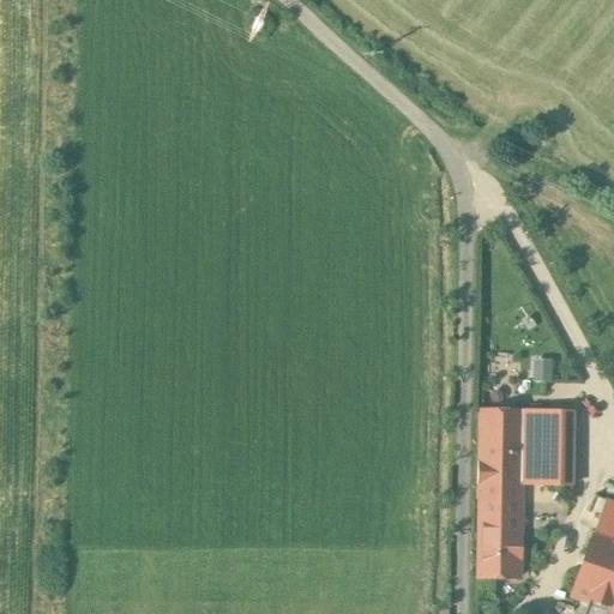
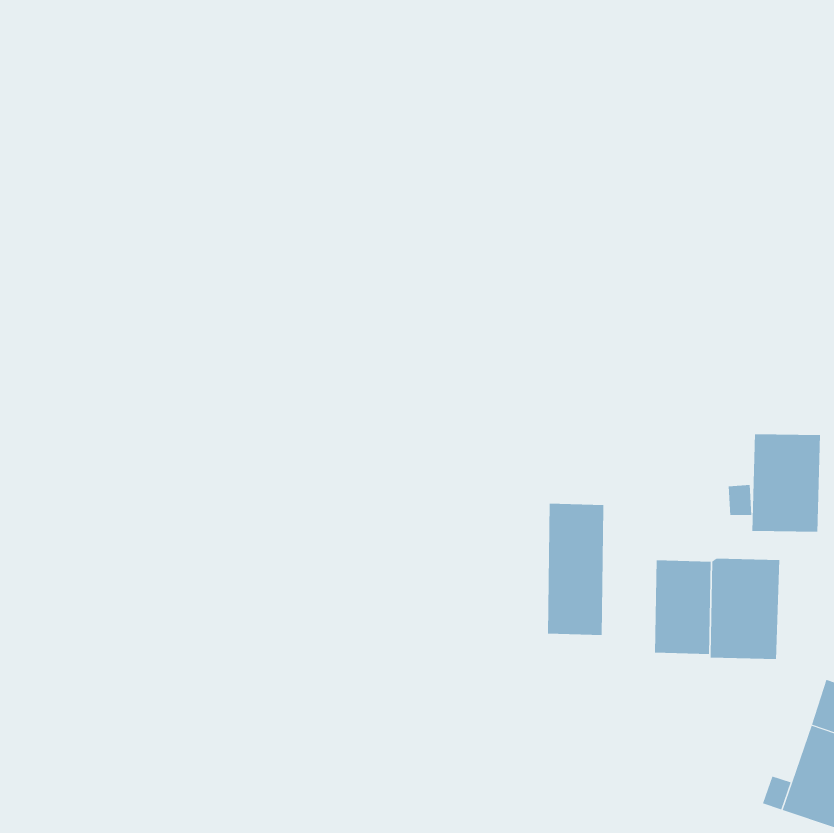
building: none -> [752,433,821,533]
building: [480,478,522,576] -> [547,503,604,636]

